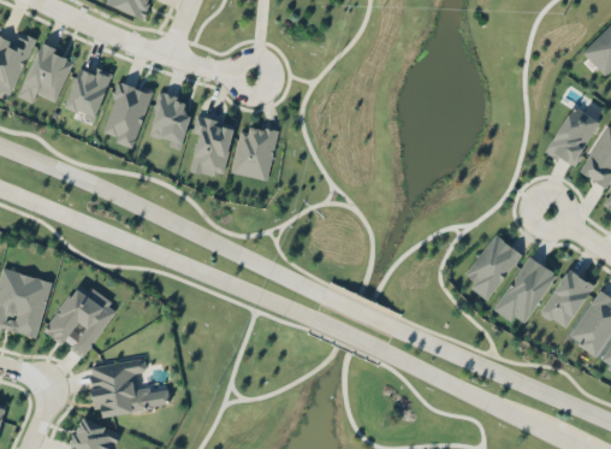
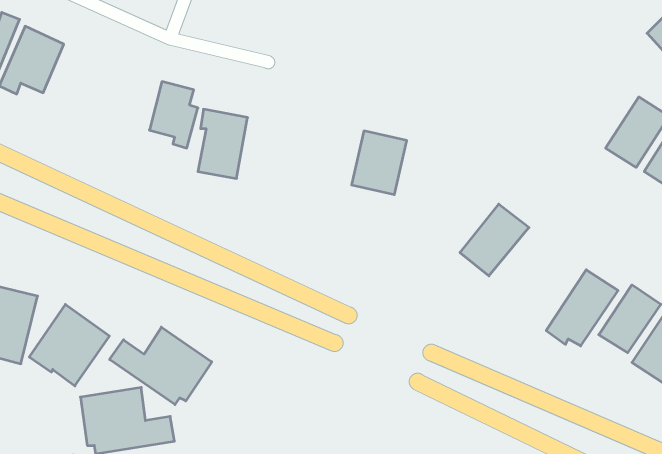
building: [66,67,112,118] -> none
building: [103,81,153,147] -> none
building: [231,124,279,179] -> [352,131,407,195]
building: [463,234,523,296] -> [460,204,529,276]
building: none -> [110,327,212,405]

